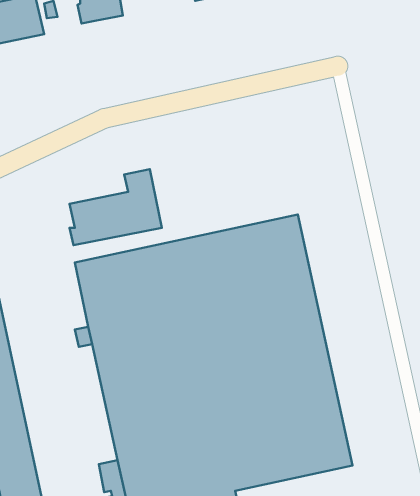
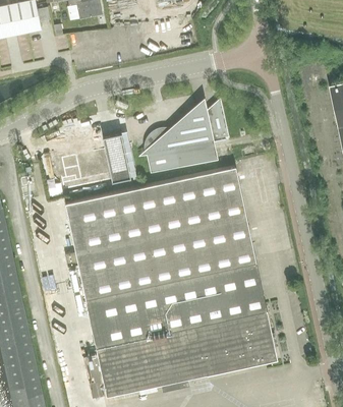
building: none -> [147,106,229,174]

